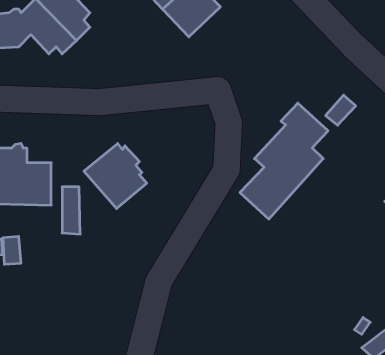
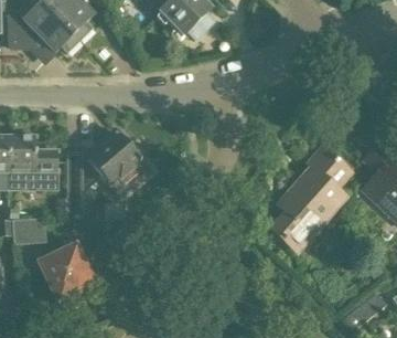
building: [240,103,328,219] -> [270,145,351,251]
building: none -> [40,246,92,302]

